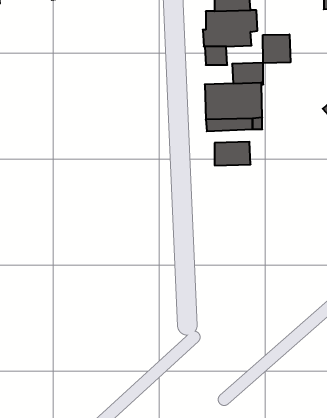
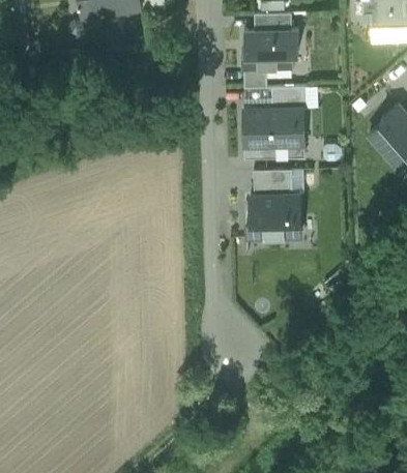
building: [263,34,290,63] -> none
building: none -> [246,193,300,236]

